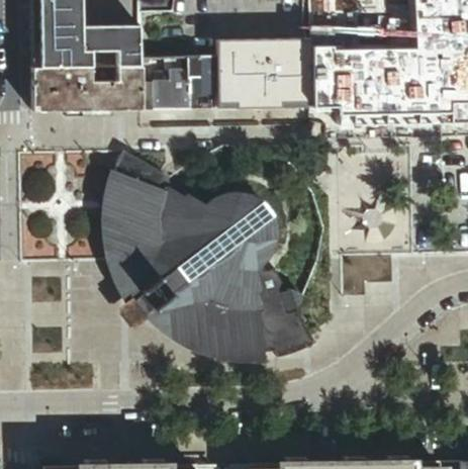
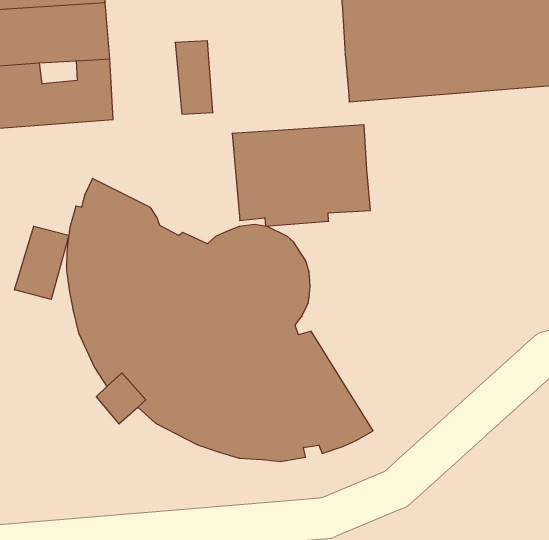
building: [215,40,311,109] -> [232,125,370,226]
building: [154,58,191,110] -> none
building: none -> [14,226,69,299]

